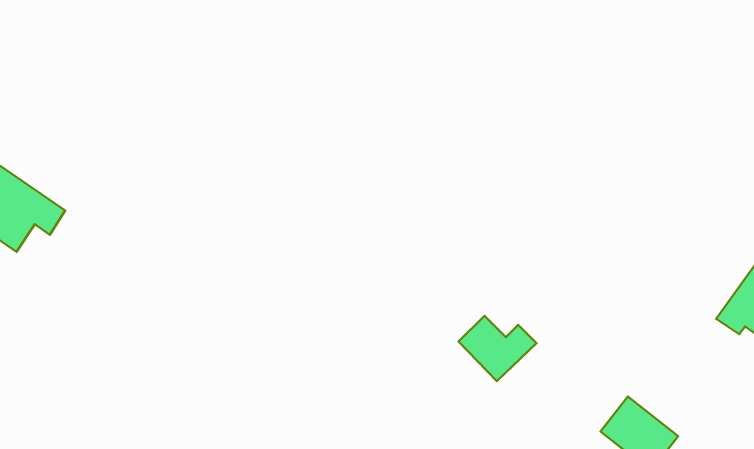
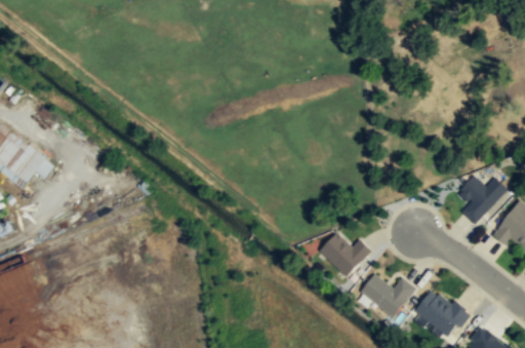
building: none -> [458,177,509,225]
building: none -> [360,275,415,318]

